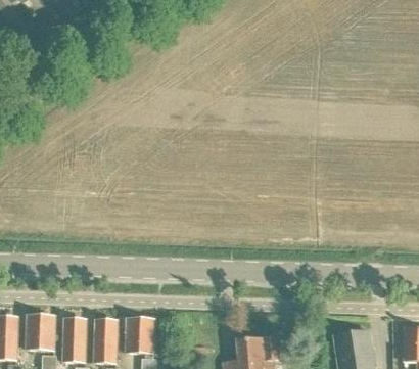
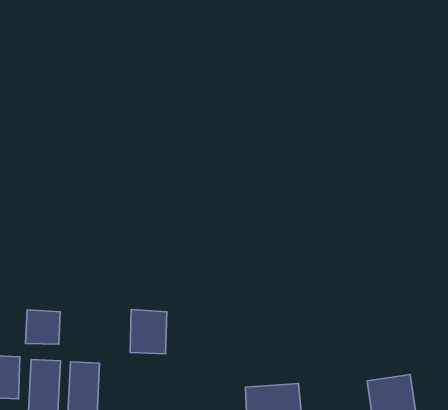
building: none -> [26,310,60,344]
building: [126,318,155,354] -> [130,309,167,354]

